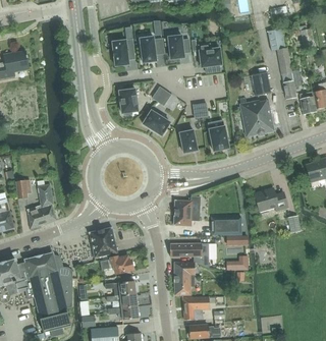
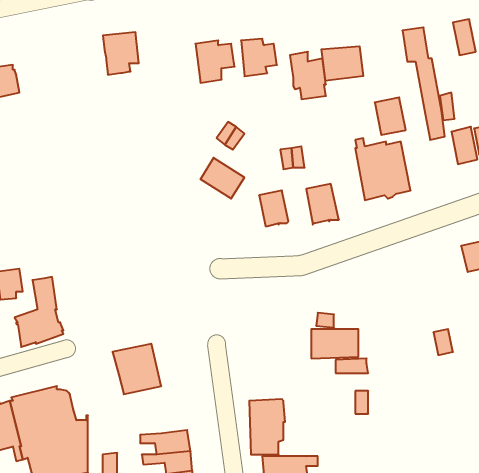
building: [112,39,134,65] -> [103,32,139,75]
building: none -> [321,46,363,81]
building: [119,88,138,114] -> none
building: [254,188,288,211] -> none
building: [173,194,200,225] -> none
building: [170,242,207,266] -> none
building: [100,253,133,273] -> none

